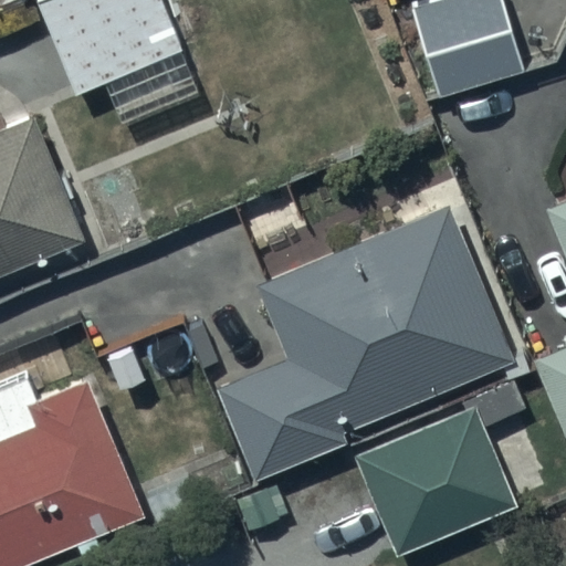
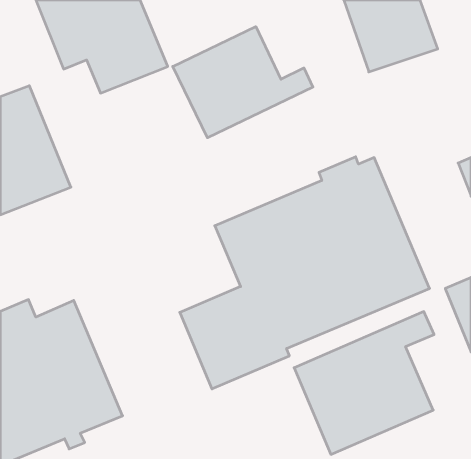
building: none -> [173,27,313,138]

